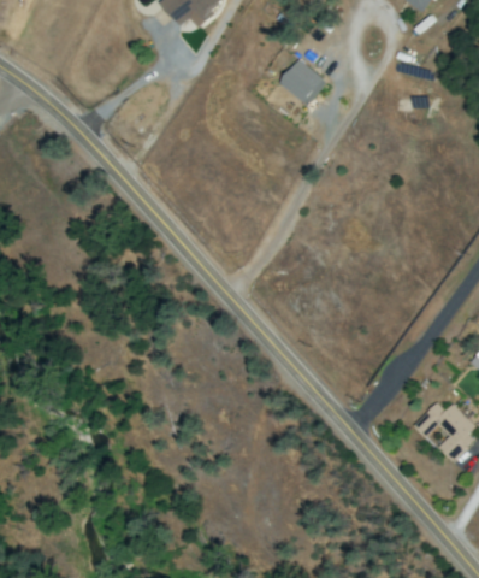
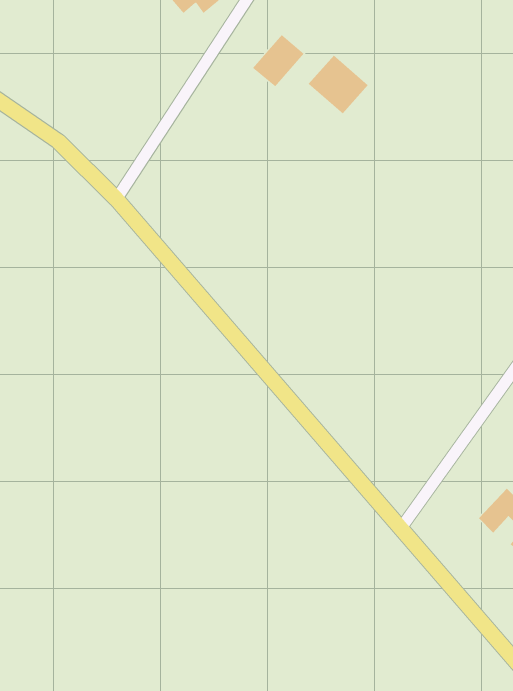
building: none -> [252,34,305,87]

